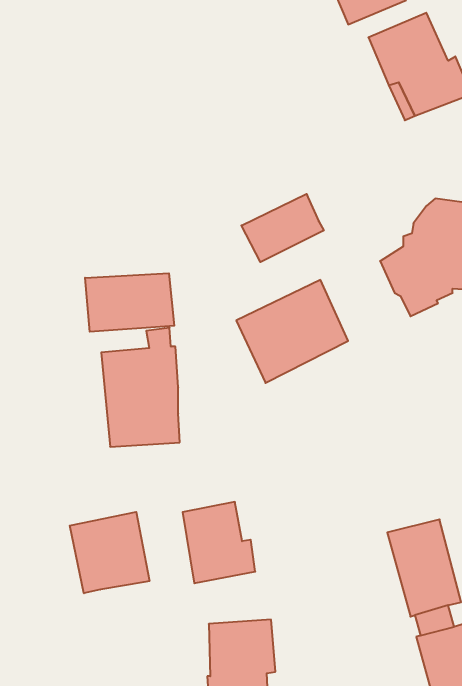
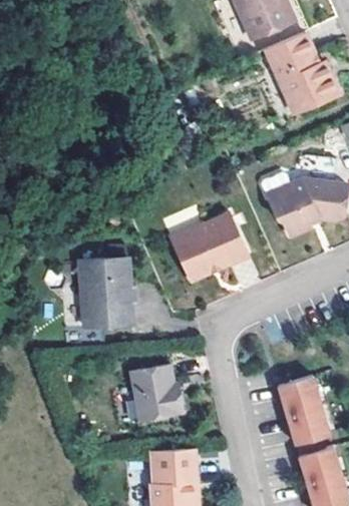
building: [241,194,324,262] -> none
building: [85,273,174,332] -> none
building: [70,512,149,593] -> none

